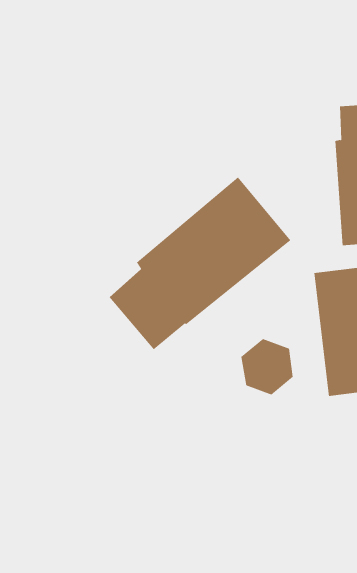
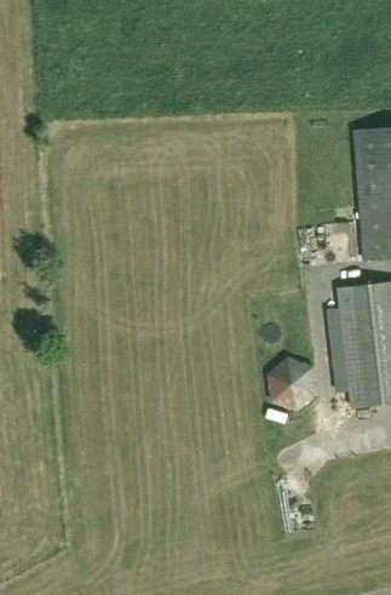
building: [109,176,291,350] -> none

